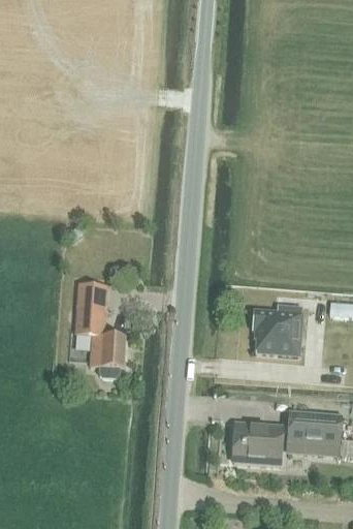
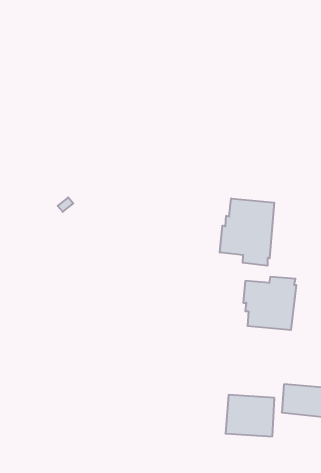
building: none -> [220,198,274,266]
building: [76,282,124,378] -> none

